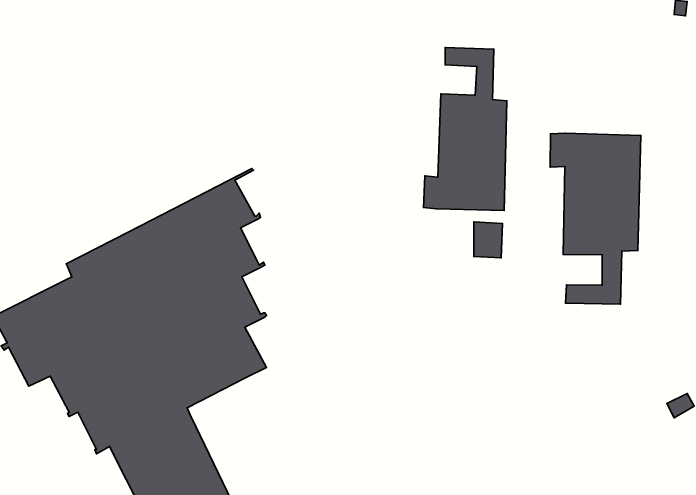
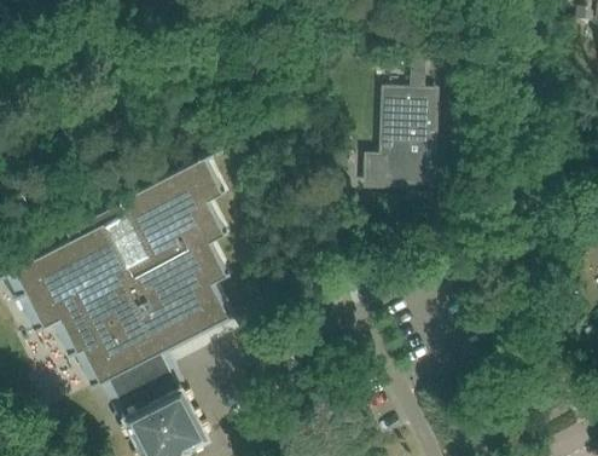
building: [550,133,641,304] -> none

